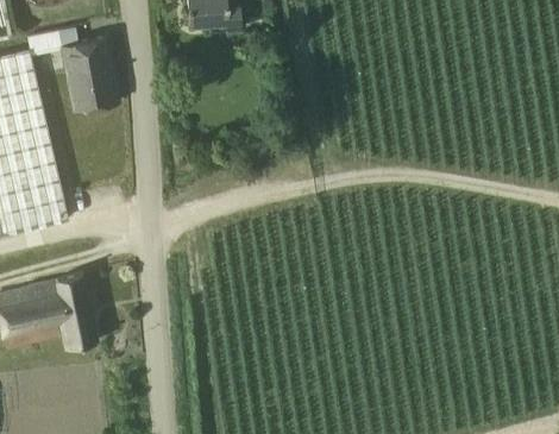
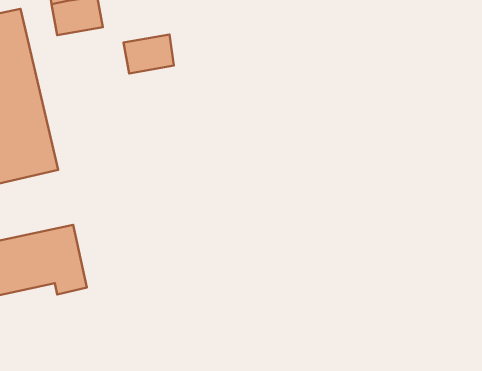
building: [65,69,118,109] -> [124,35,174,73]

